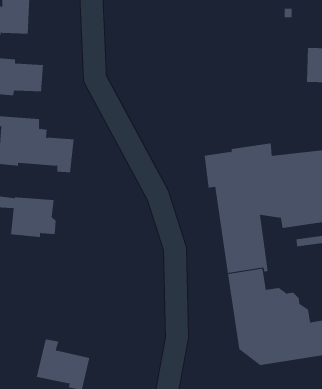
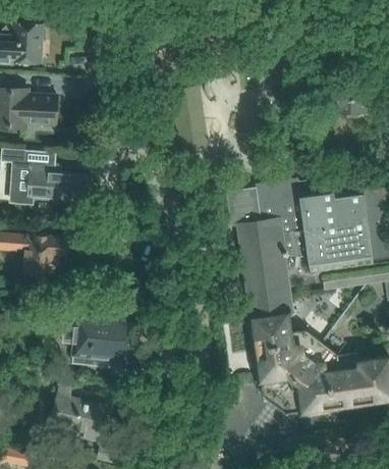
building: none -> [173,89,206,151]
building: none -> [71,316,137,367]

